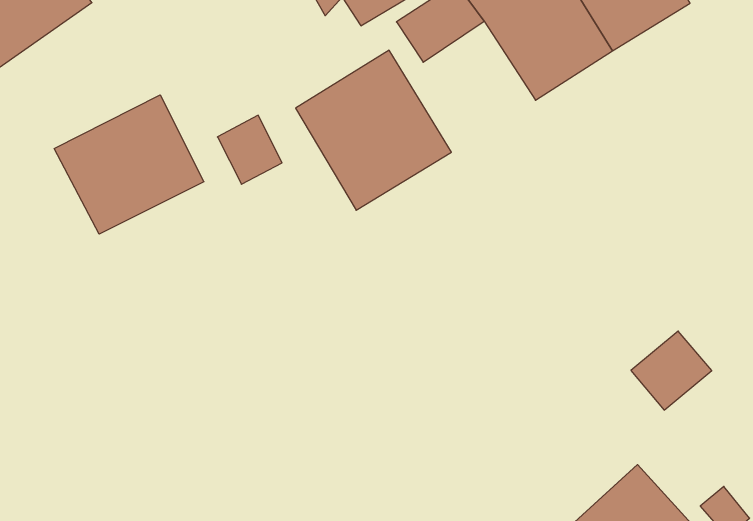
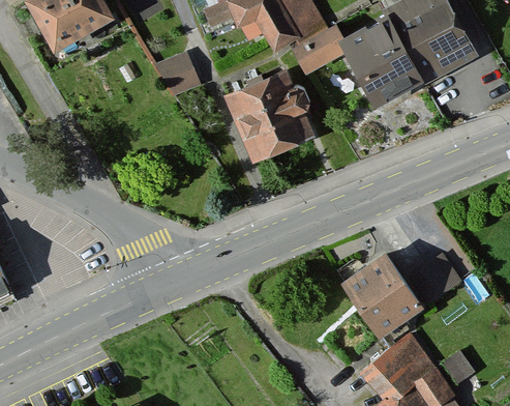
building: [54,95,204,234] -> none
building: [217,115,282,184] -> [161,55,199,95]
building: none -> [343,254,424,339]

